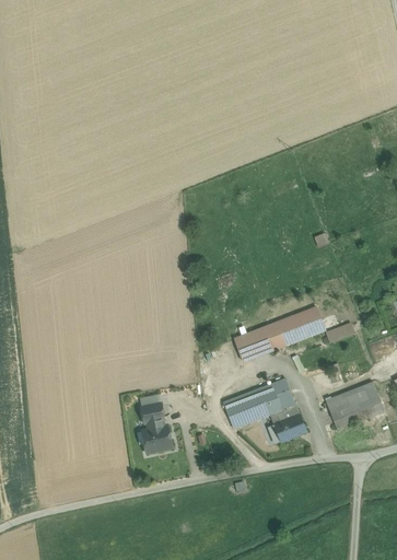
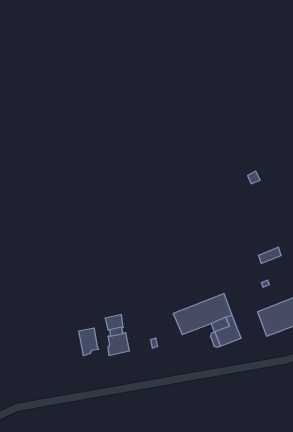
building: [234,306,325,361] -> none
building: none -> [79,328,98,356]

